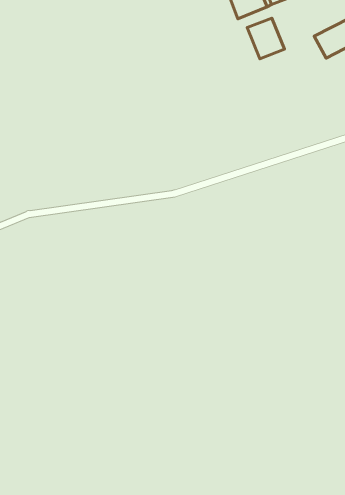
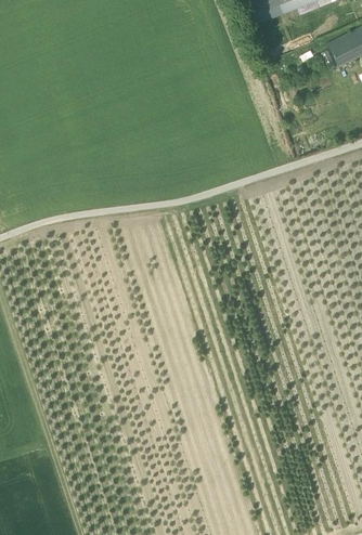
building: [247,18,285,59] -> none

